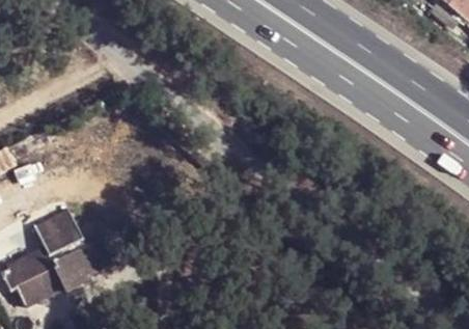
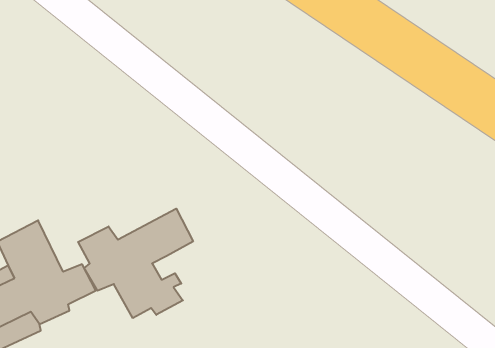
building: none -> [78,209,193,318]

